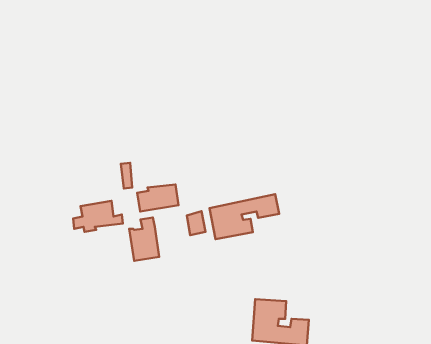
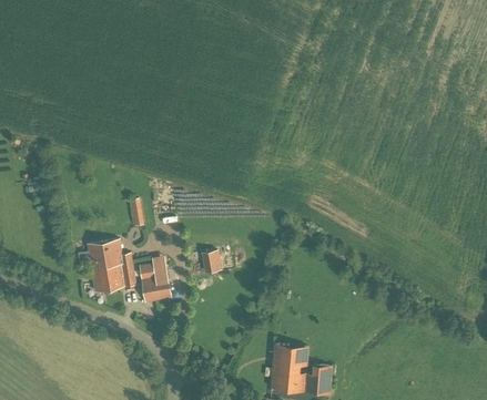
building: [137,185,179,211] -> [91,264,135,293]
building: [210,194,279,239] -> none

